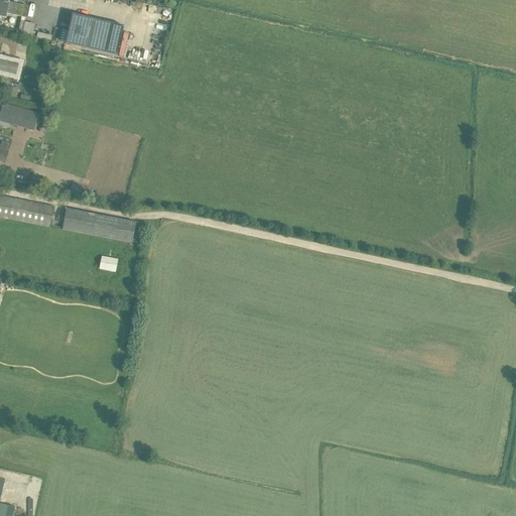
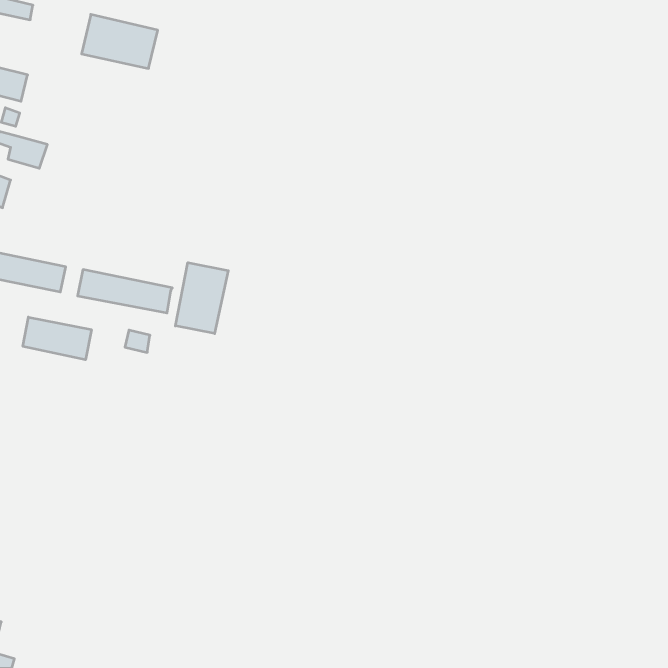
building: none -> [175,263,228,334]
building: none -> [23,317,91,360]

